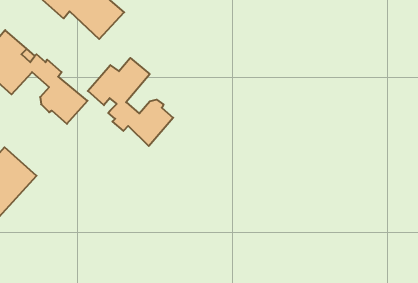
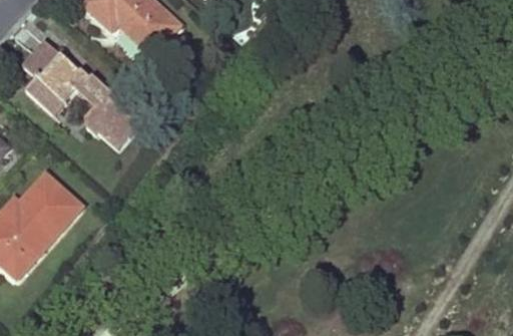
building: [88,58,173,146] -> none

